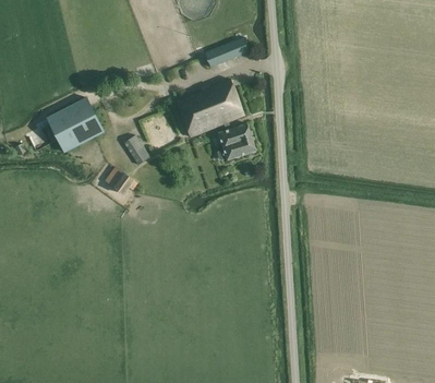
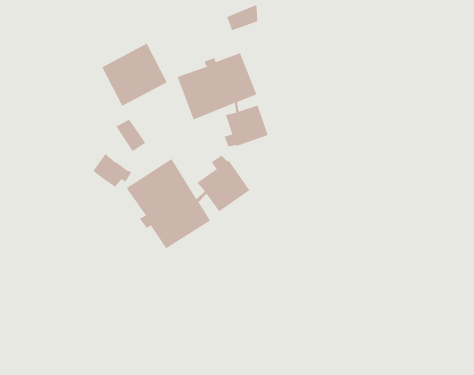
building: [47,97,104,152] -> [101,43,168,107]
building: none -> [126,155,250,249]

